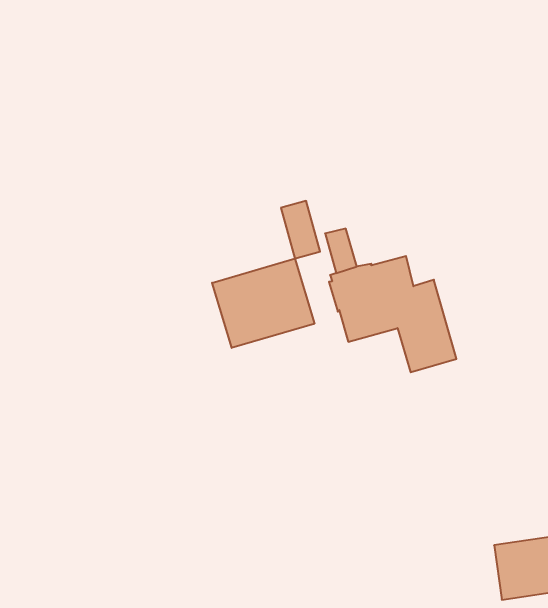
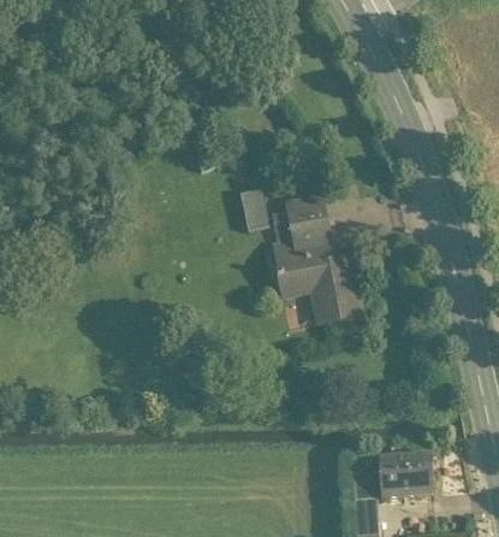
building: none -> [286,203,329,240]
building: [212,259,314,348] -> none

